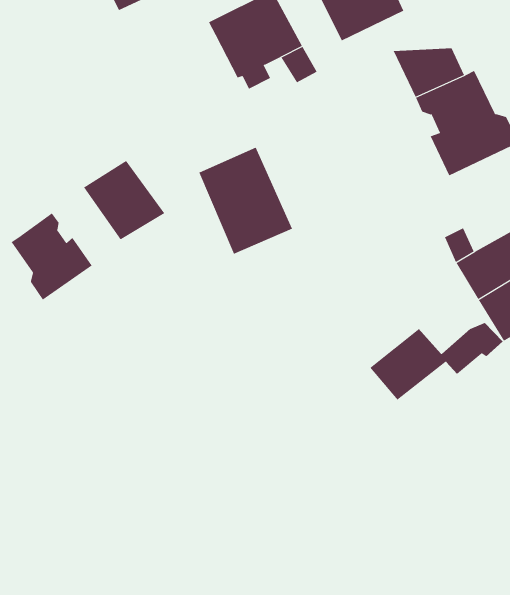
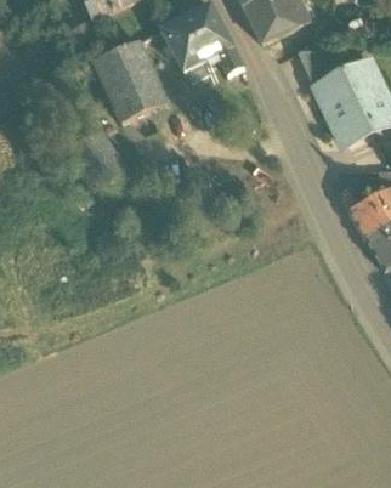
building: [198,147,293,254] -> [92,40,164,121]
building: [11,212,92,300] -> none
building: [370,322,503,401] -> none

